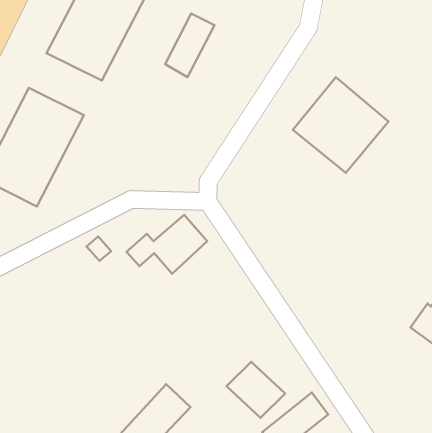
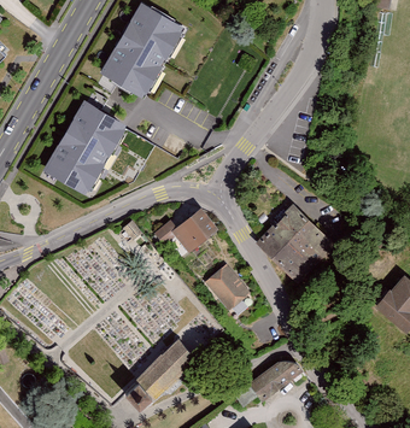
building: [165,14,215,77] -> none
building: [293,77,389,173] -> [257,204,333,280]
building: [227,362,285,418] -> [203,266,248,311]

